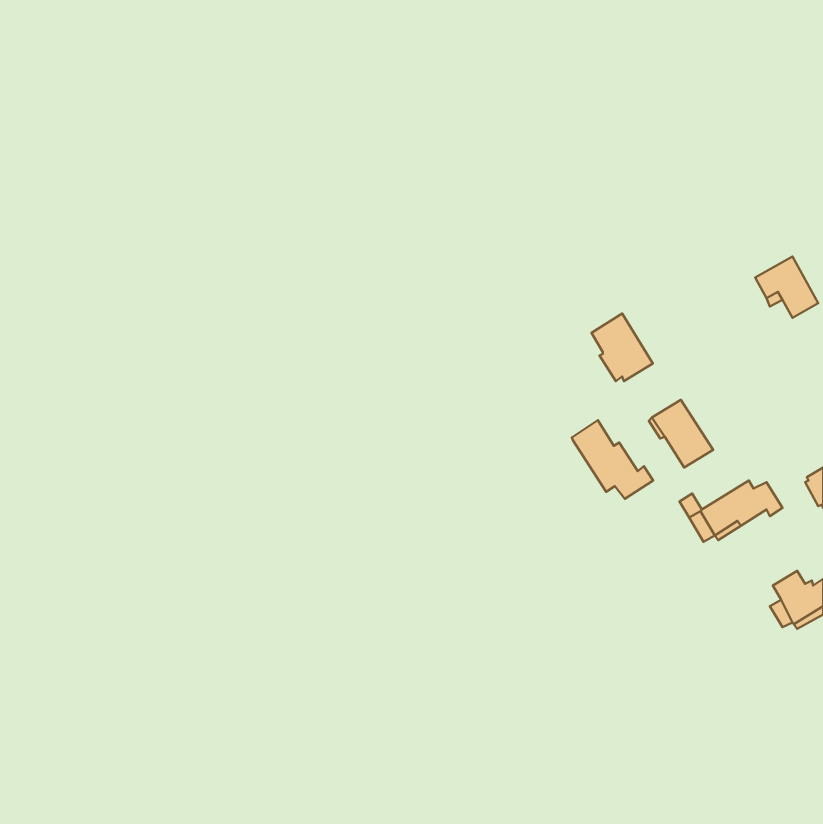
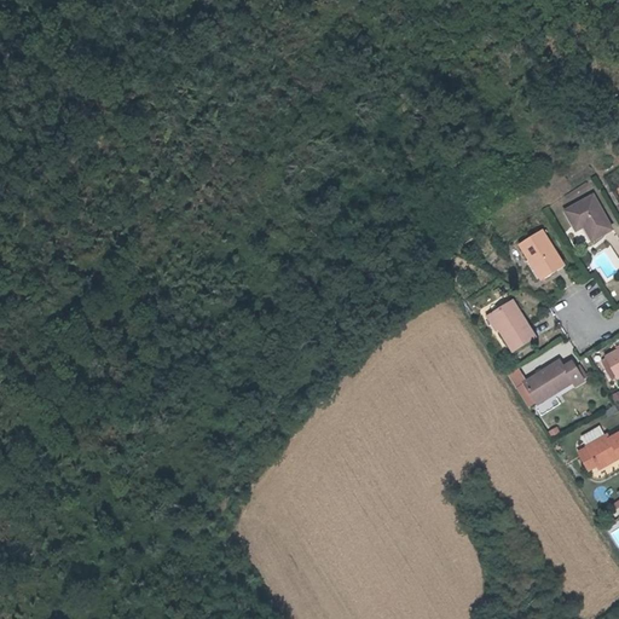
building: [591,314,653,381] -> [520,227,566,278]
building: [572,420,653,499] -> none

